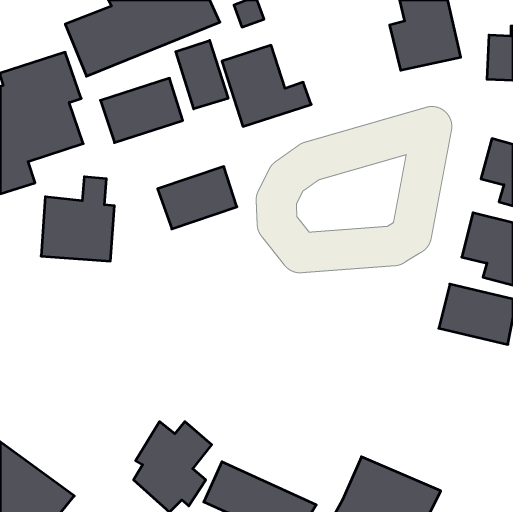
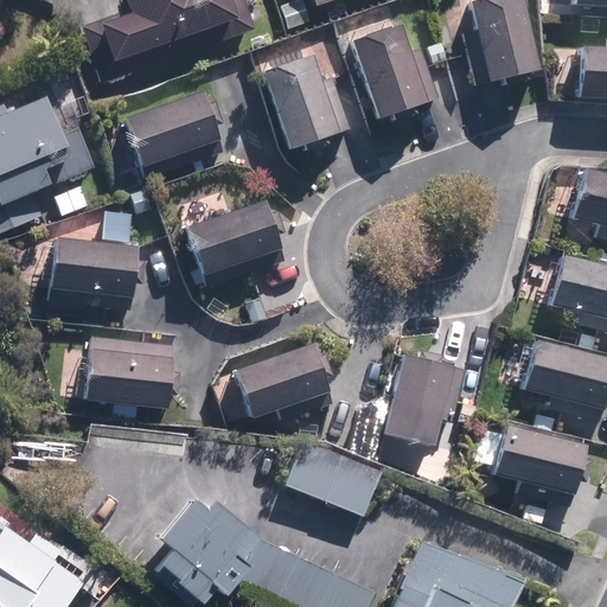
building: none -> [351,27,434,120]
building: [176,40,228,109] -> none
building: none -> [83,337,174,405]
building: none -> [234,340,327,415]
building: none -> [354,357,464,460]
building: none -> [492,416,588,510]
building: none -> [289,442,385,516]

